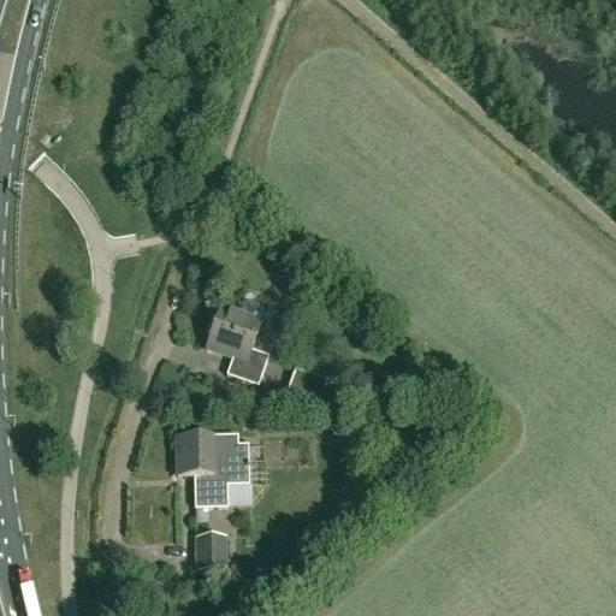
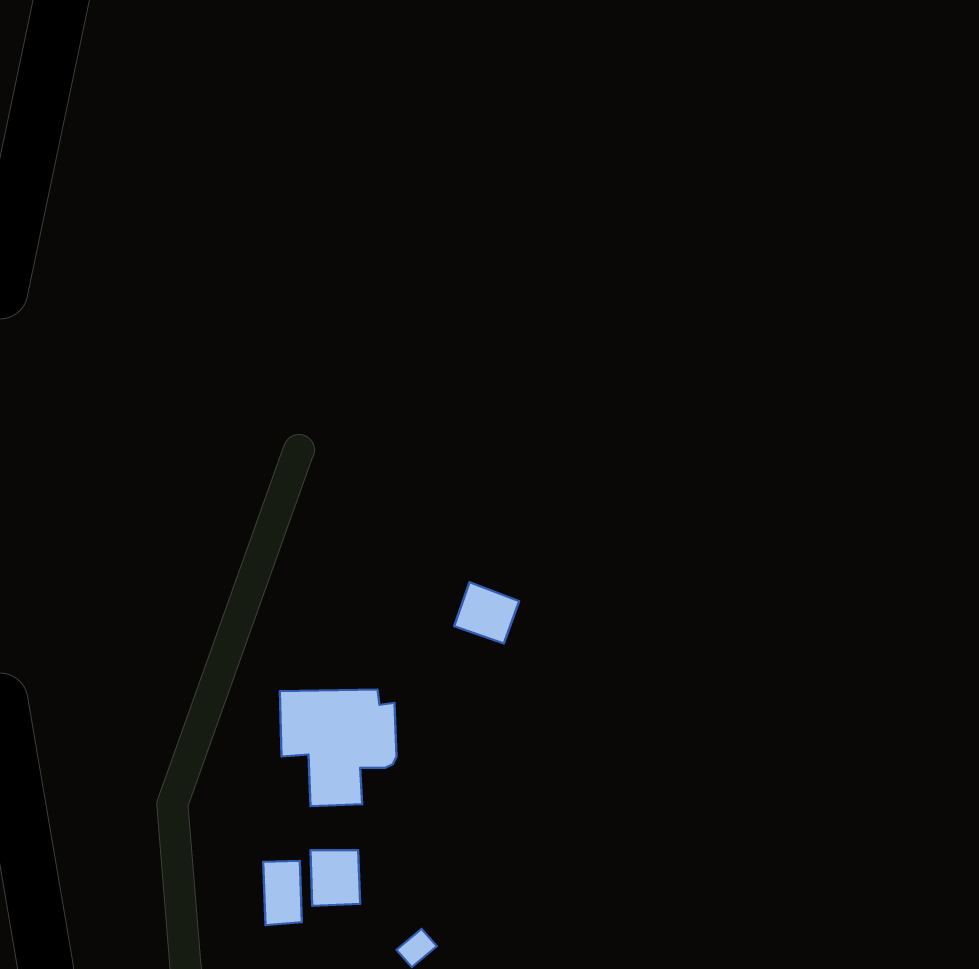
building: [206,297,268,384] -> none
building: none -> [263,861,302,925]

